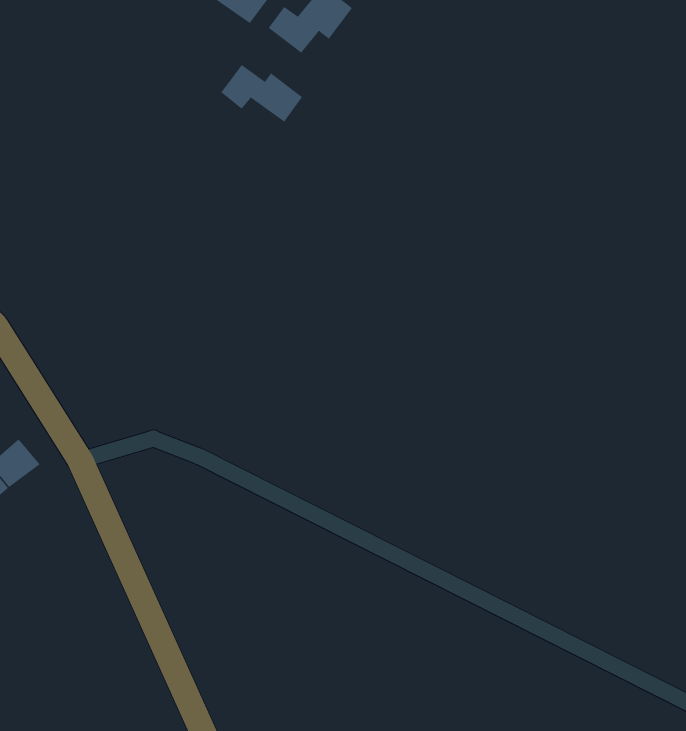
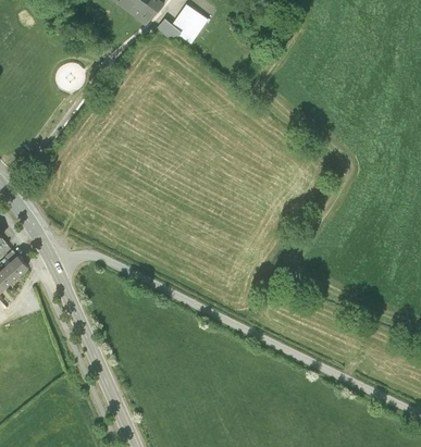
building: [220,64,303,123] -> none

